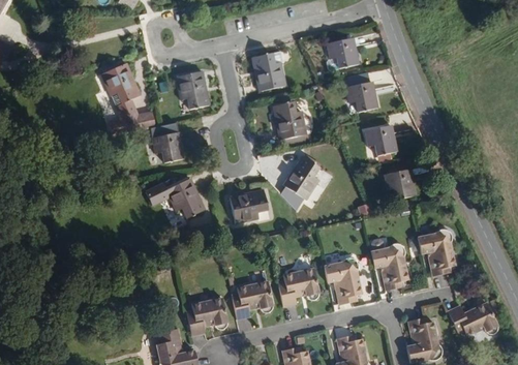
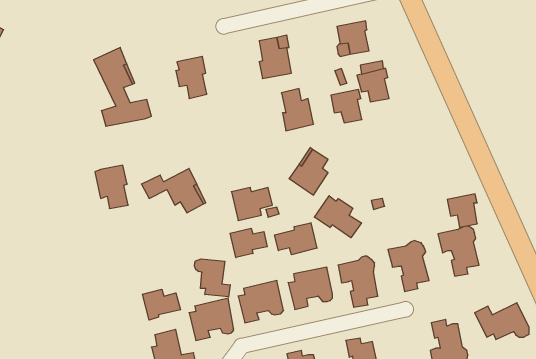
building: [148,122,179,162] -> [95,165,128,208]
building: [363,125,392,156] -> [331,89,362,123]
building: [382,170,409,201] -> [447,194,477,227]
building: none -> [314,196,362,238]
building: none -> [275,223,317,255]
building: none -> [230,228,267,258]
building: none -> [194,259,230,297]
building: none -> [142,289,181,320]

